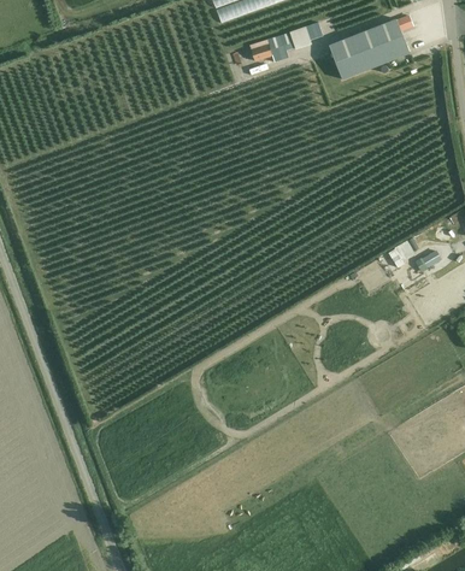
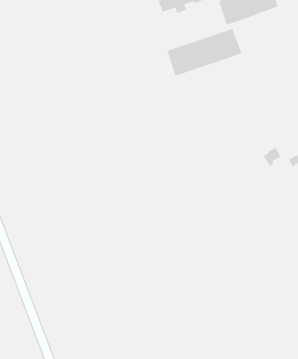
building: none -> [167,28,242,76]

